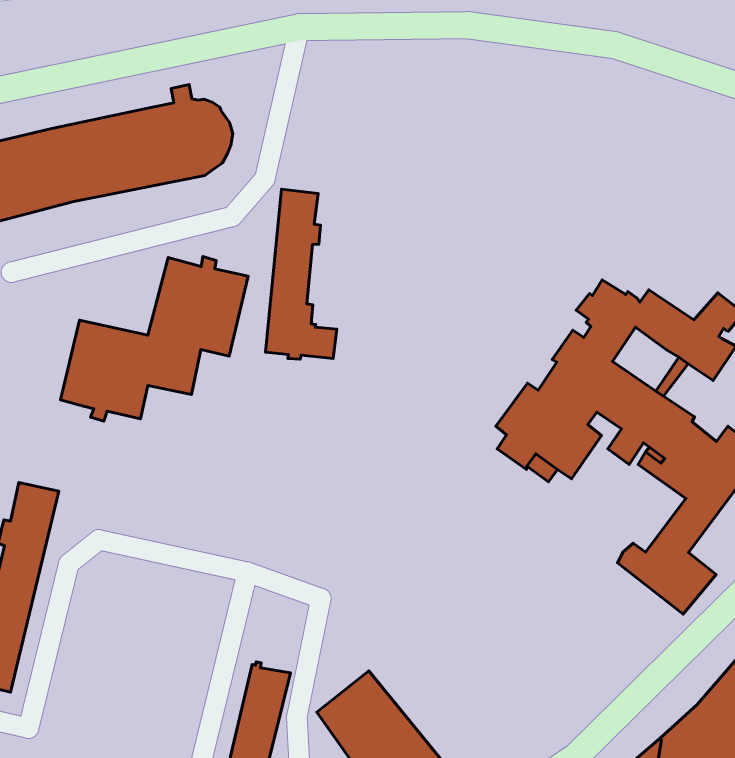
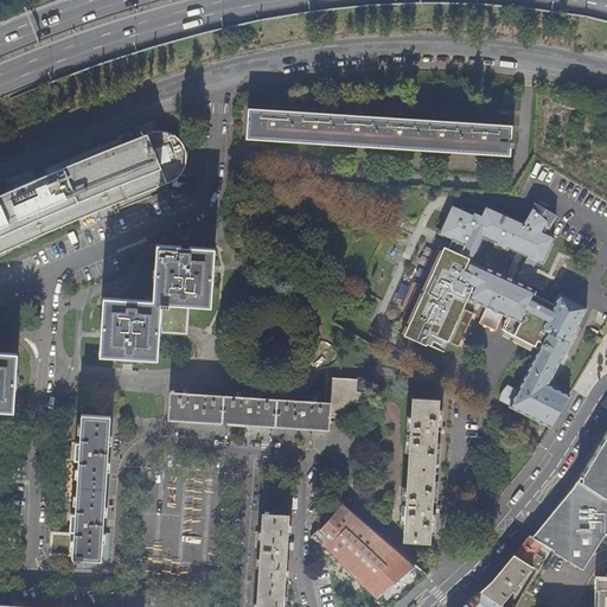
building: none -> [247,110,513,155]
building: [266,189,337,359] -> none
building: none -> [168,377,369,430]
building: none -> [402,398,442,543]

